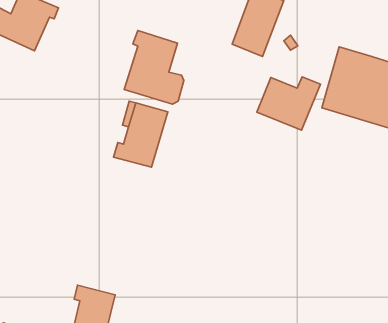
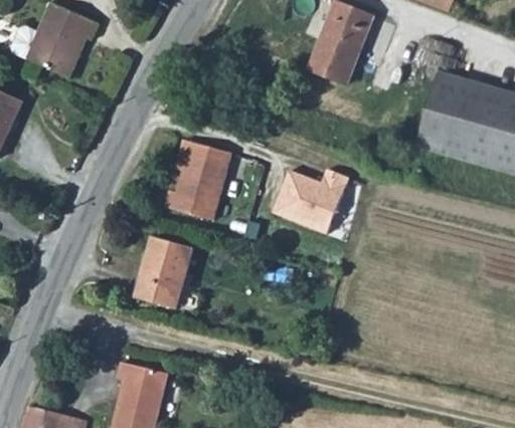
building: [124,31,184,104] -> none
building: [257,77,320,130] -> [273,168,350,233]
building: none -> [136,236,193,308]

